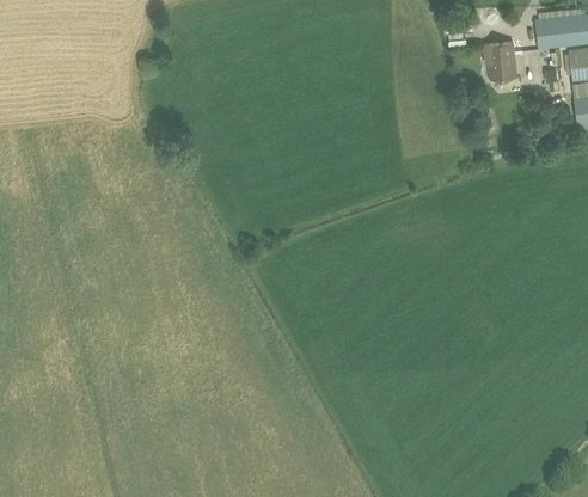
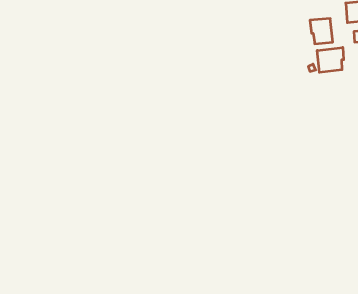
building: none -> [317,47,344,72]

